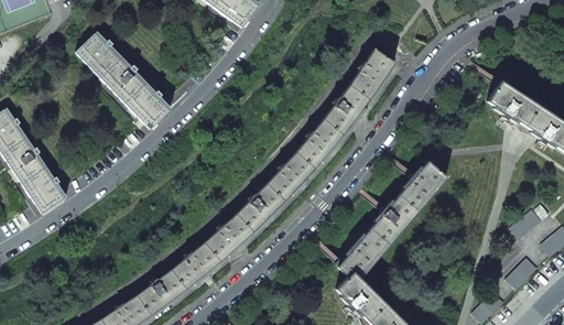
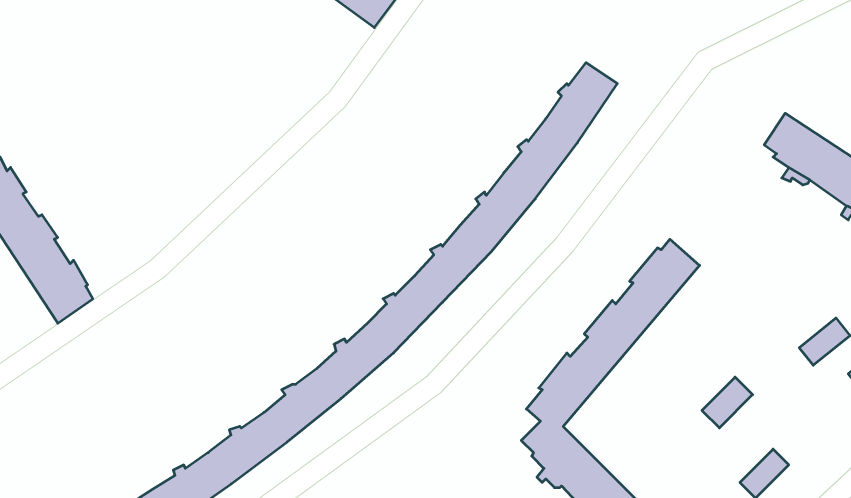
building: [76,32,170,128] -> none
building: [505,258,536,290] -> [702,377,753,428]

